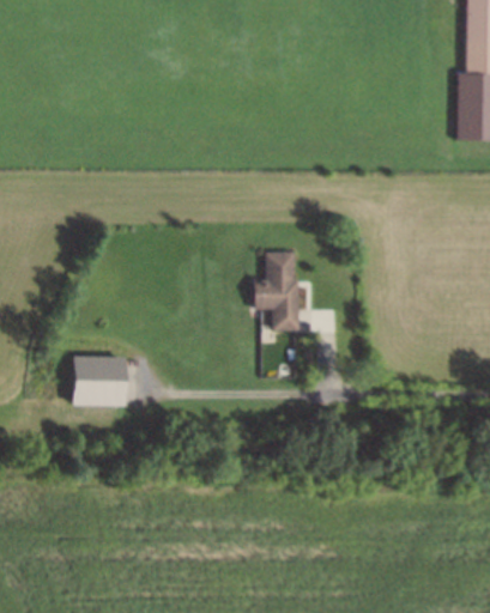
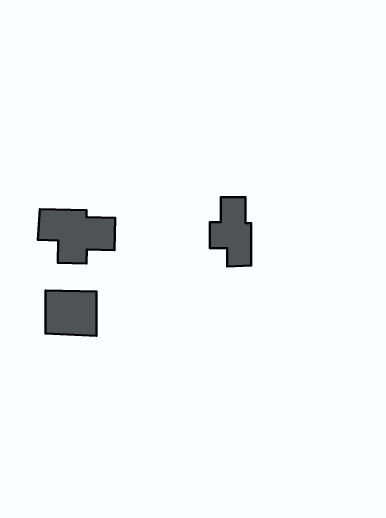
building: none -> [38,209,115,263]

